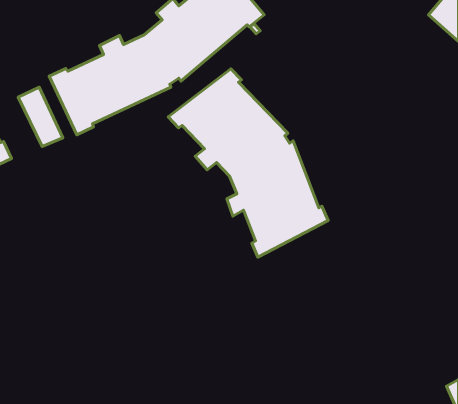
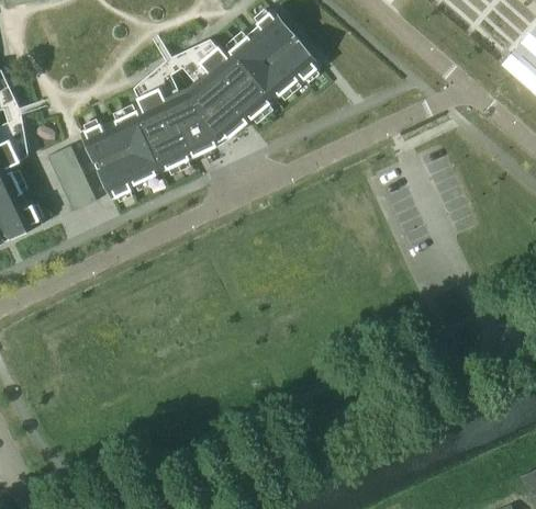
building: [168,69,328,257] -> none

